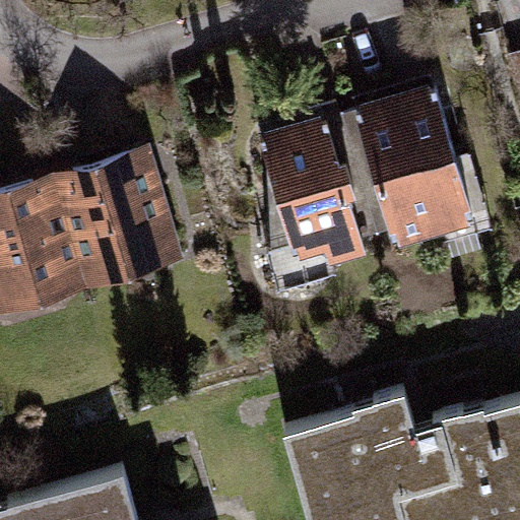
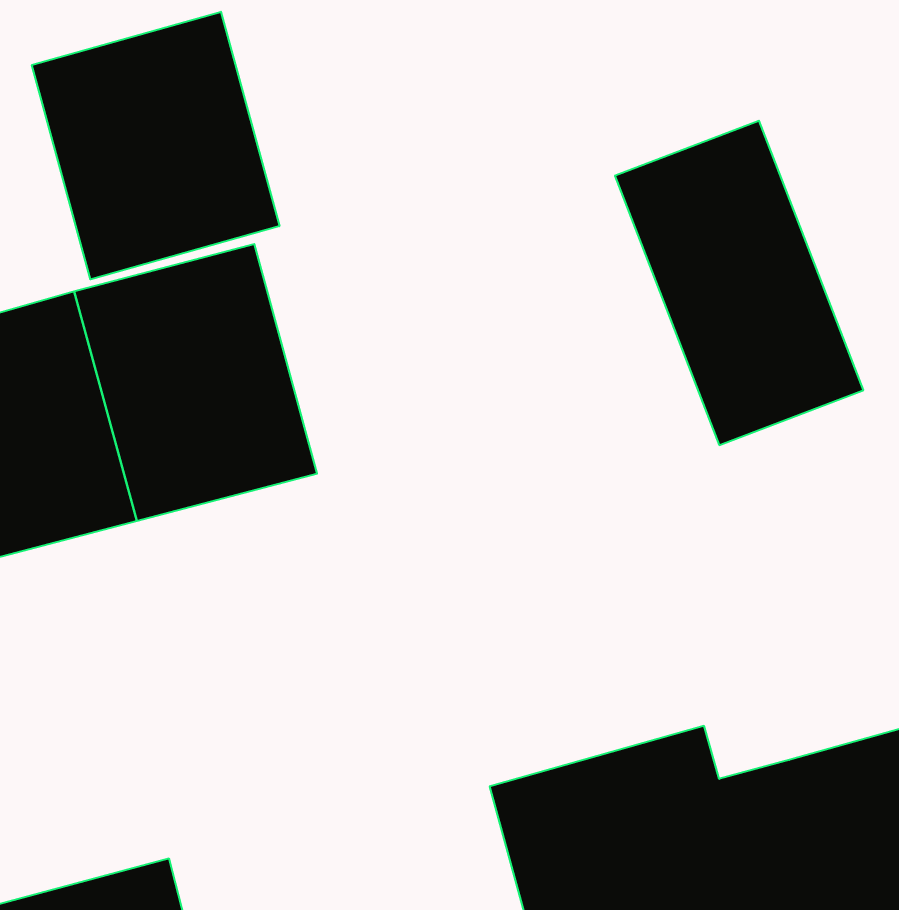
building: none -> [32,12,279,279]
building: [251,115,373,285] -> none

